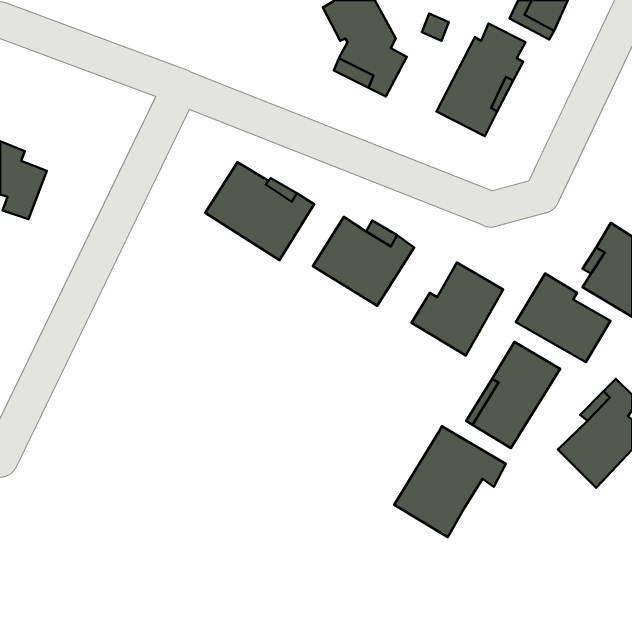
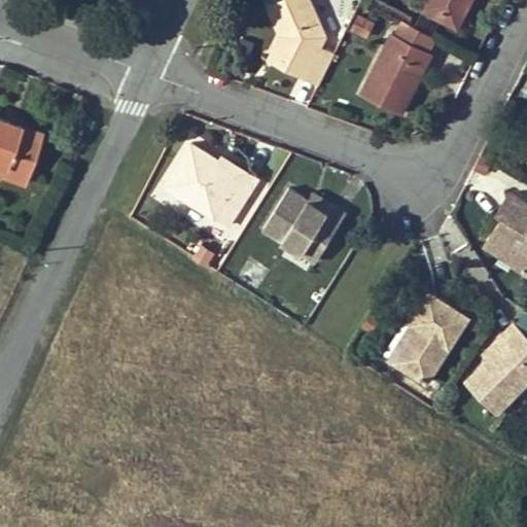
building: [412,262,503,356] -> none
building: [516,273,610,362] -> none
building: [394,426,506,537] -> none

